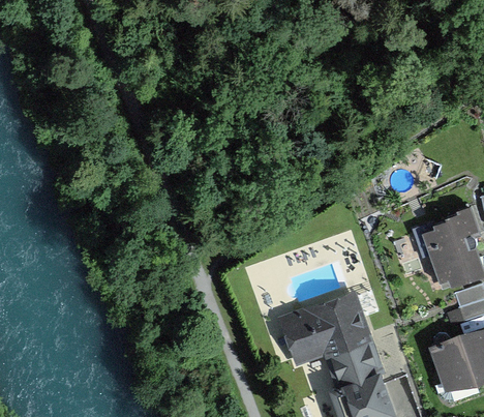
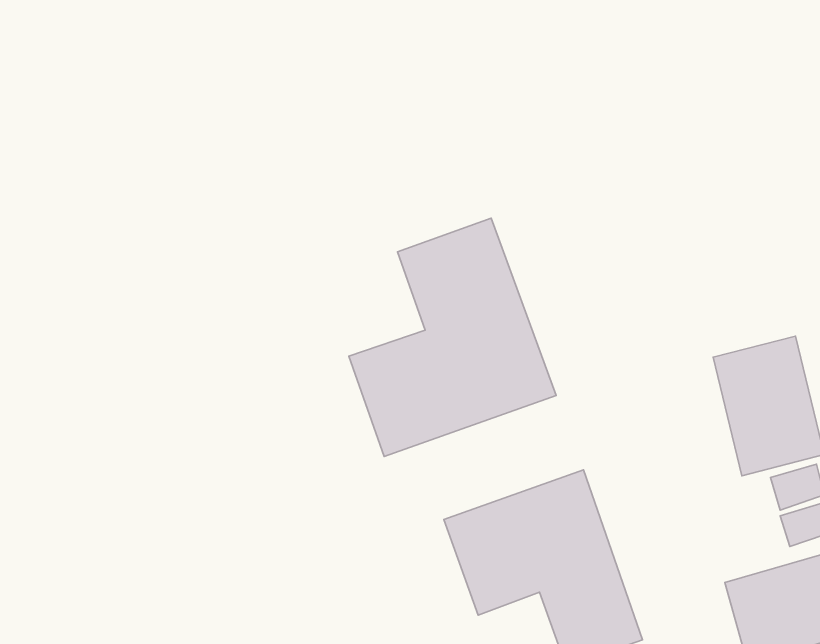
building: none -> [349,218,556,457]

